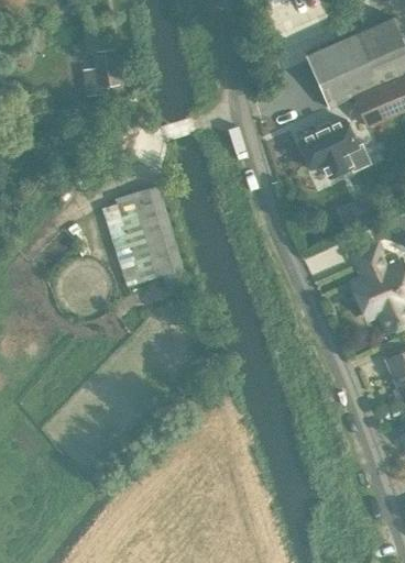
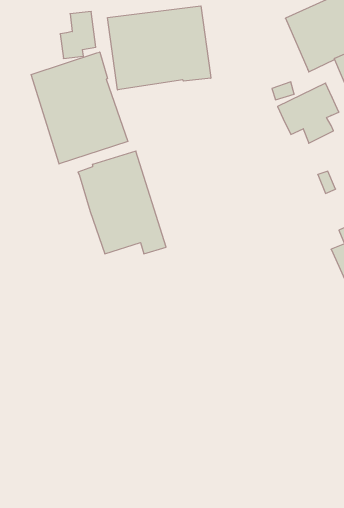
building: none -> [108,6,211,90]
building: none -> [31,52,128,164]

